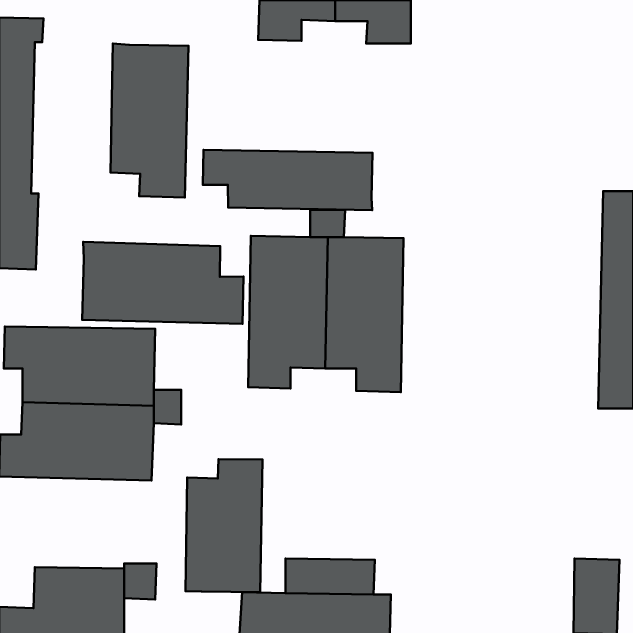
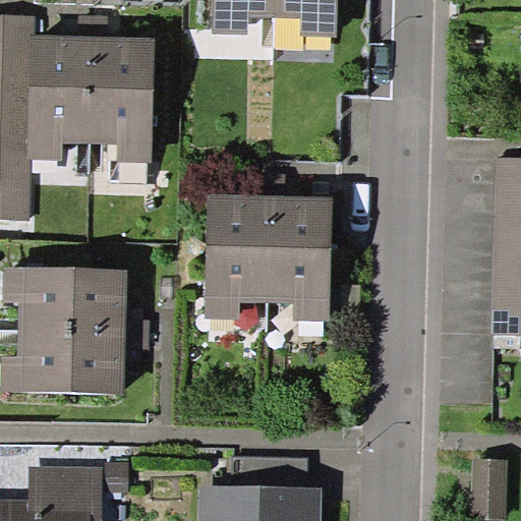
building: none -> [25,36,93,161]
building: [203,150,373,210] -> none
building: [82,242,244,324] -> none
building: [186,459,262,592] -> none

